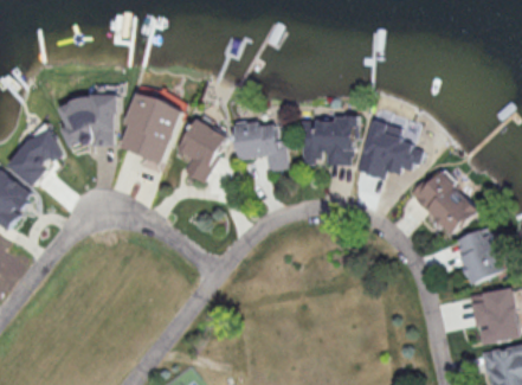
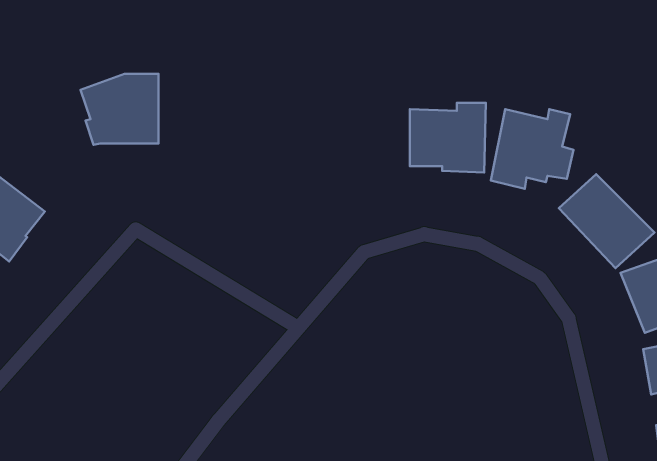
building: [121,91,183,163] -> none
building: [178,118,227,182] -> none
building: [233,120,286,172] -> none
building: [9,128,67,185] -> none

